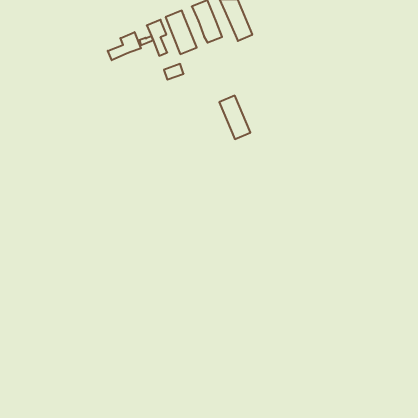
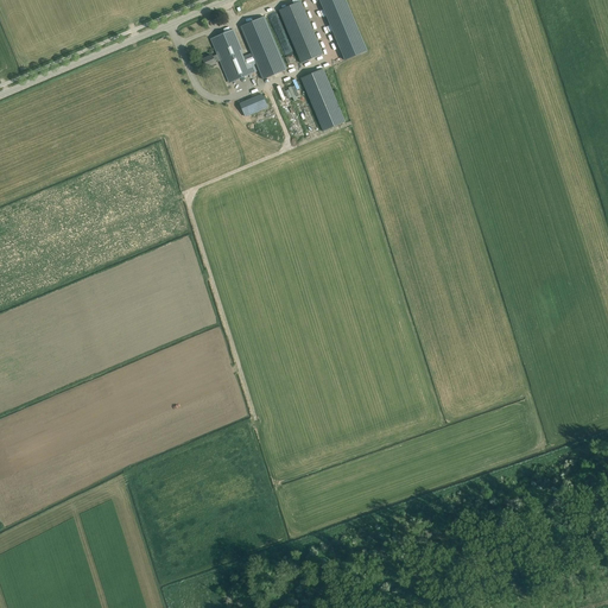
building: [108,32,141,60] -> none
building: [219,96,250,139] -> [299,68,344,131]

